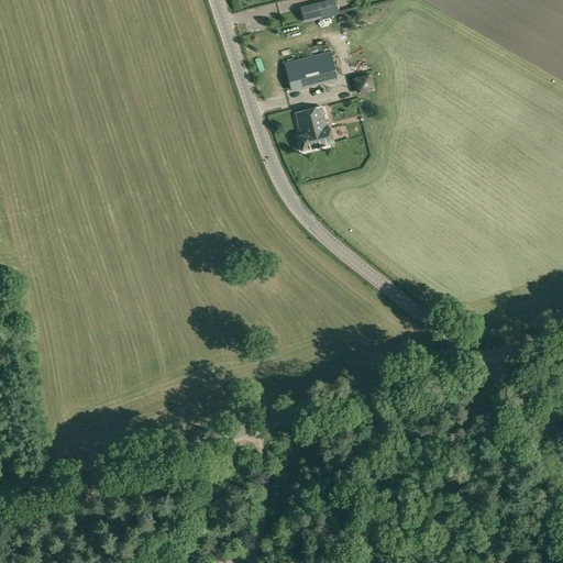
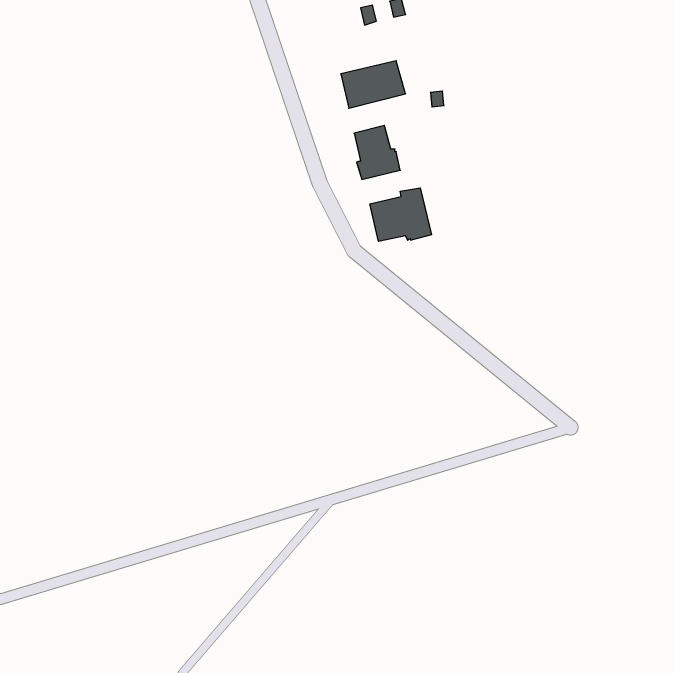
building: none -> [370,188,432,241]

